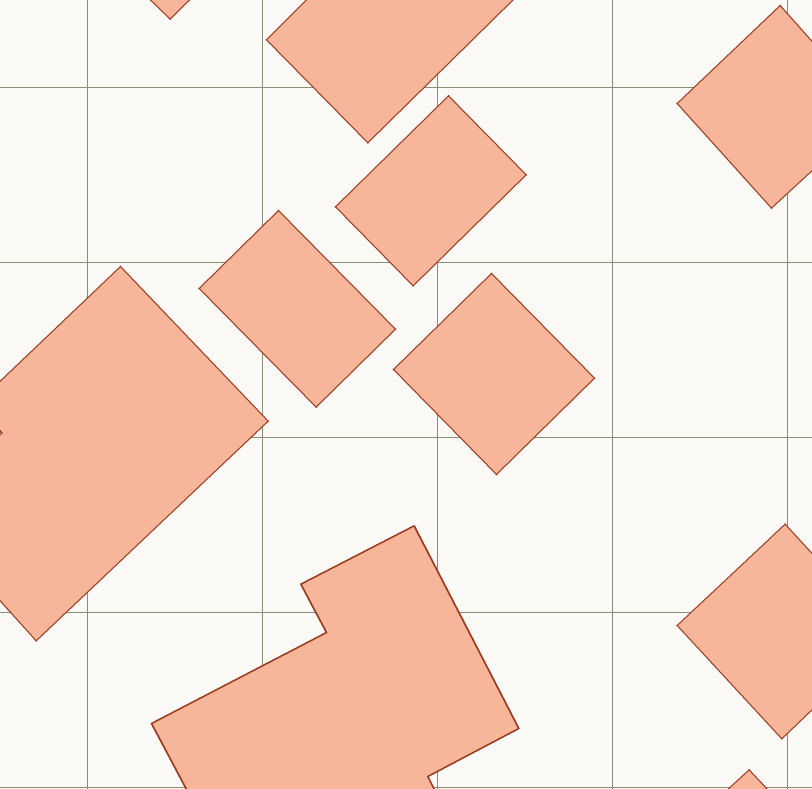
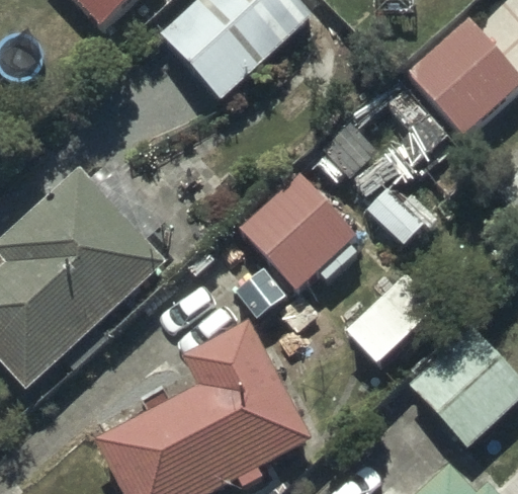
building: [335,96,526,286] -> none
building: [199,211,395,407] -> none

